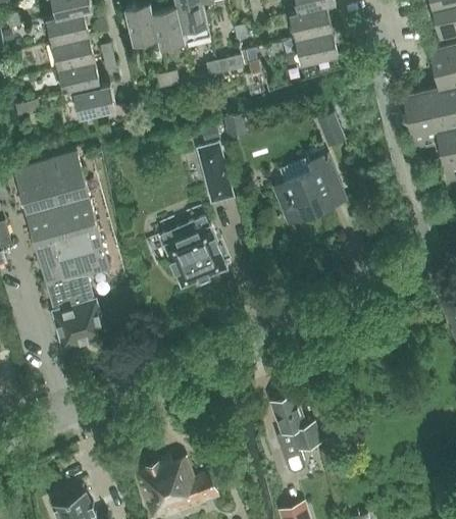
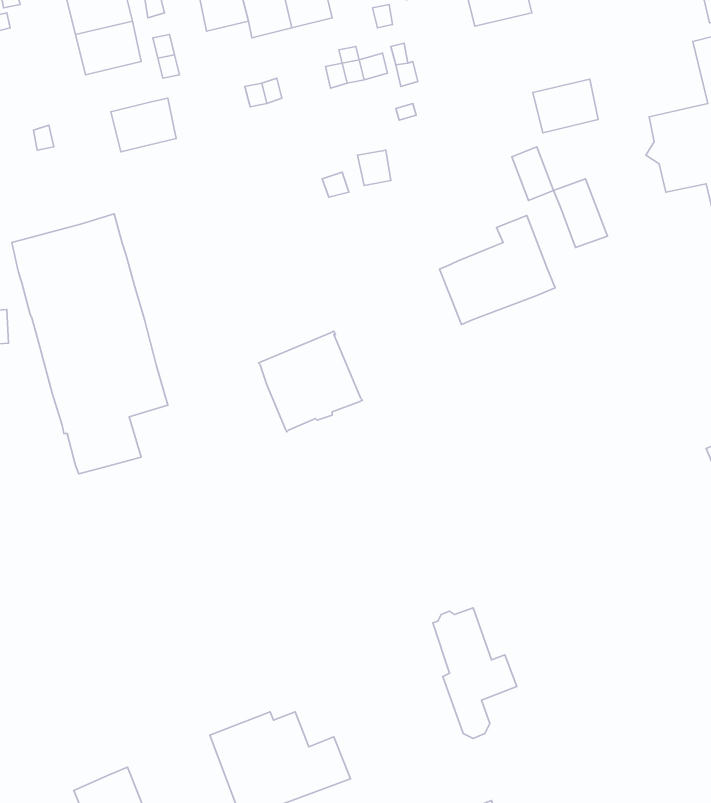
building: [296,31,336,63] -> [533,79,598,133]
building: [59,60,99,93] -> none
building: none -> [554,179,607,248]
building: [197,143,234,201] -> none
building: [53,300,105,348] -> none

